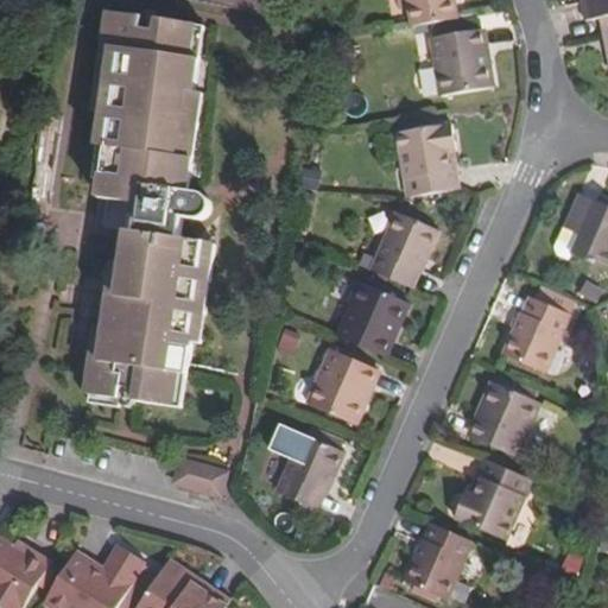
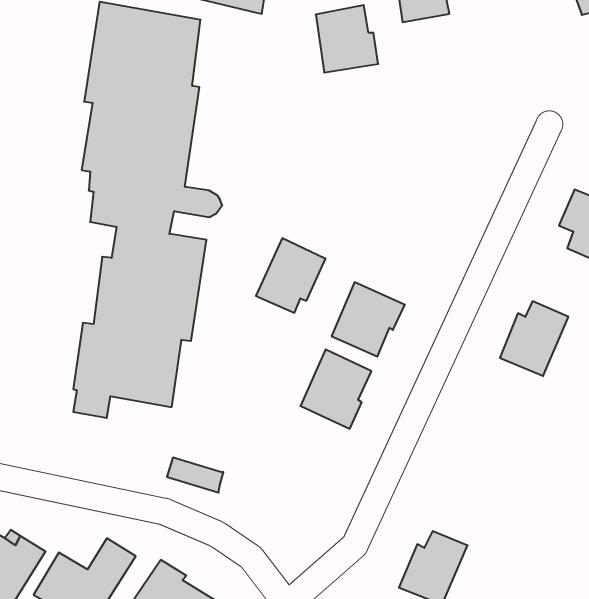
building: [431,30,493,96] -> [316,5,378,72]
building: [394,125,457,197] -> none
building: [367,211,436,285] -> [256,238,326,313]
building: [470,382,539,457] -> none
building: [274,436,342,511] -> none
building: [452,460,531,542] -> none

